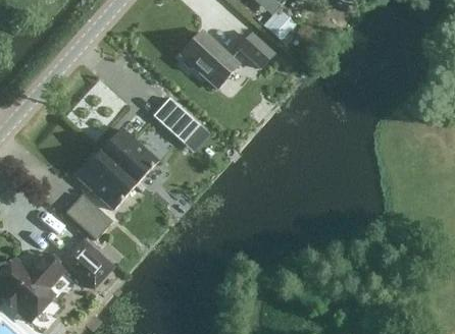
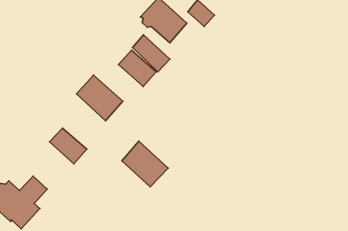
building: none -> [132,35,170,72]
building: [78,152,136,209] -> [122,141,168,187]
building: [63,239,112,287] -> none

